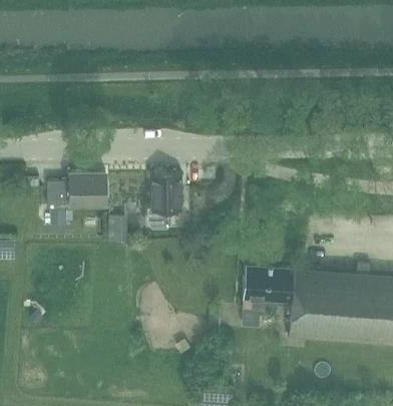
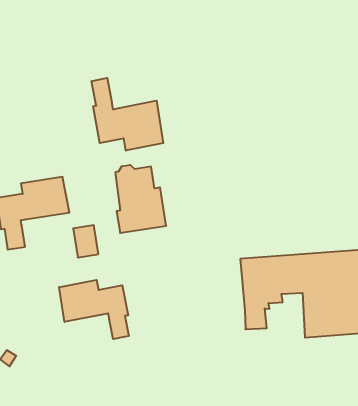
building: none -> [92,78,163,151]
building: none -> [59,280,129,339]

